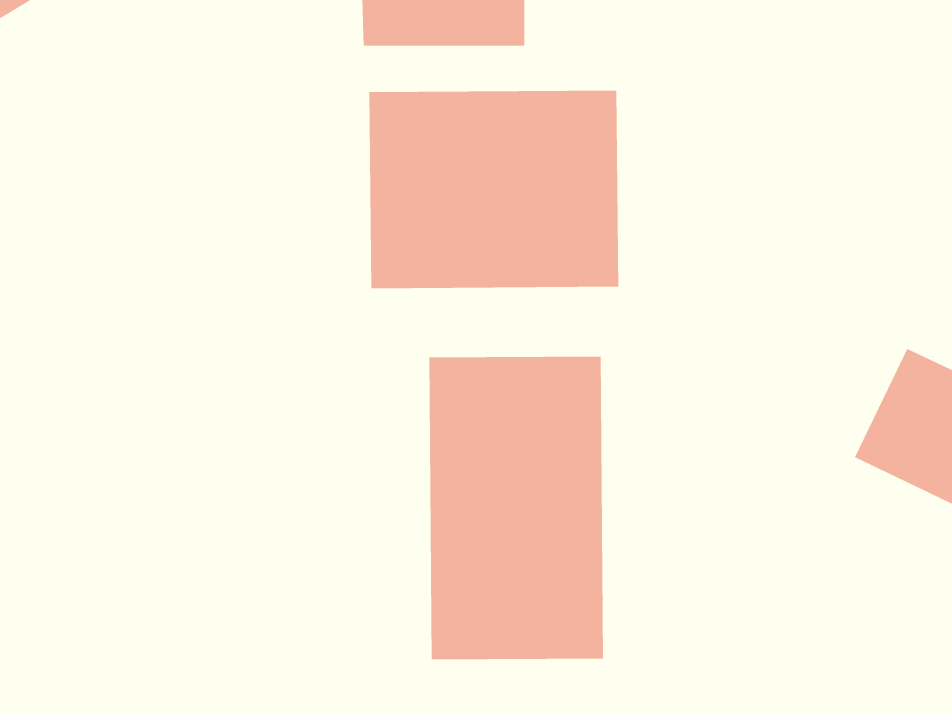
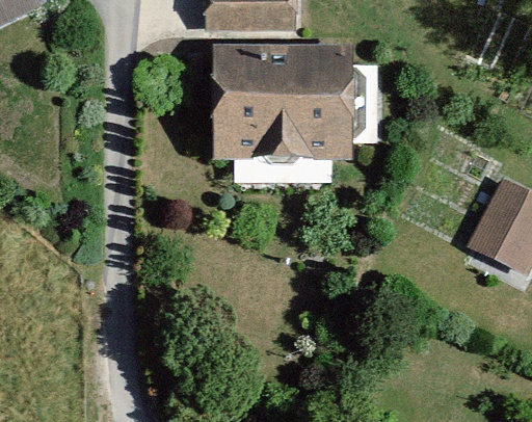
building: [428,356,604,660] -> none

